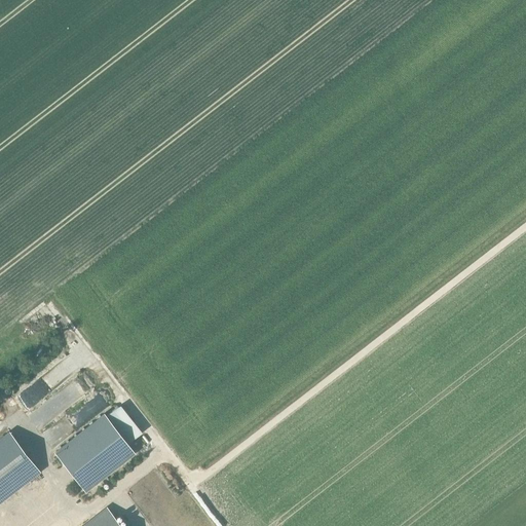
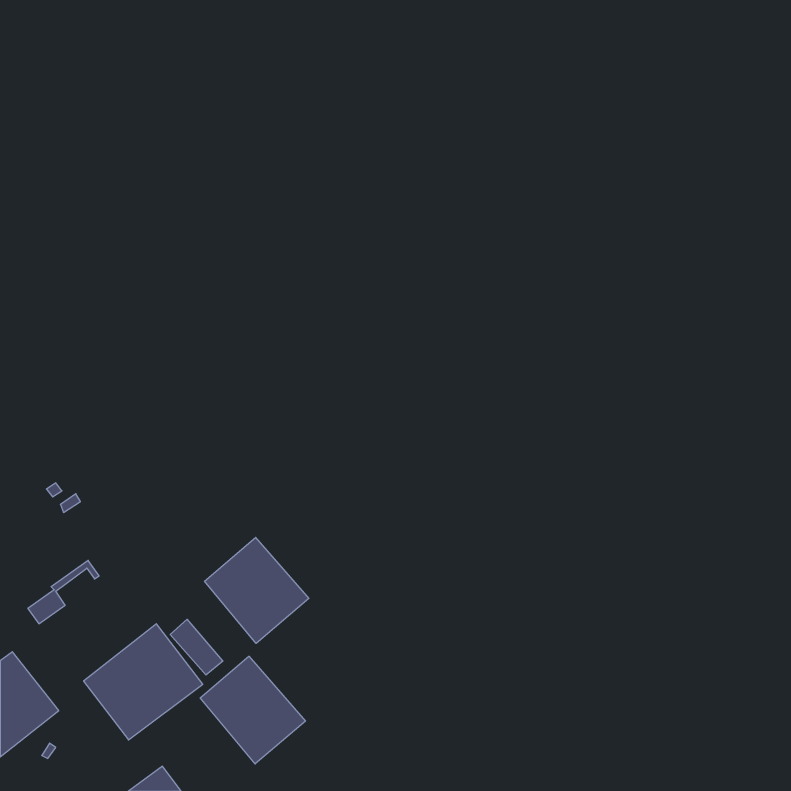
building: none -> [205,537,309,643]
building: none -> [200,656,305,764]

